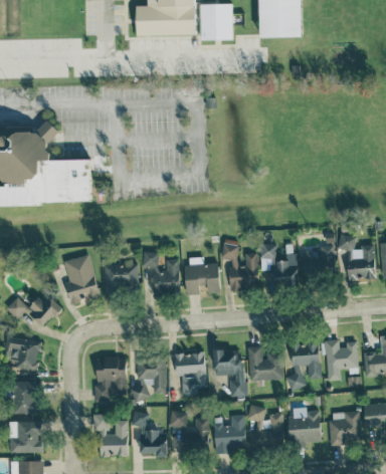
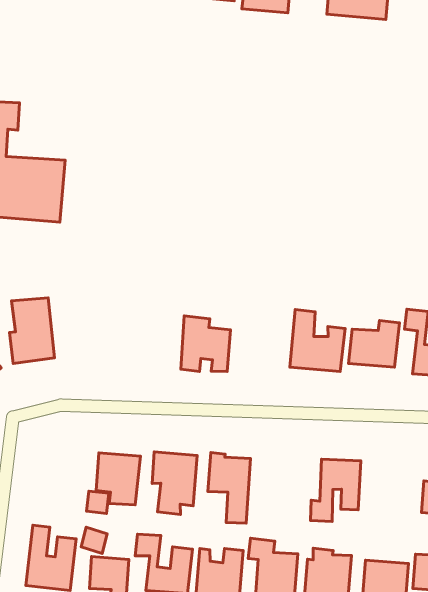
building: [222,239,259,290] -> none
building: [143,252,179,294] -> none
building: [105,264,138,298] -> none
building: [326,339,358,381] -> none
building: [248,345,281,381] -> none
building: [94,357,127,402] -> none

